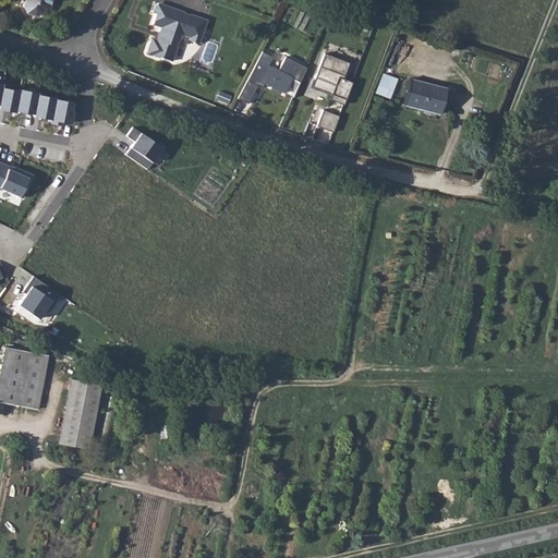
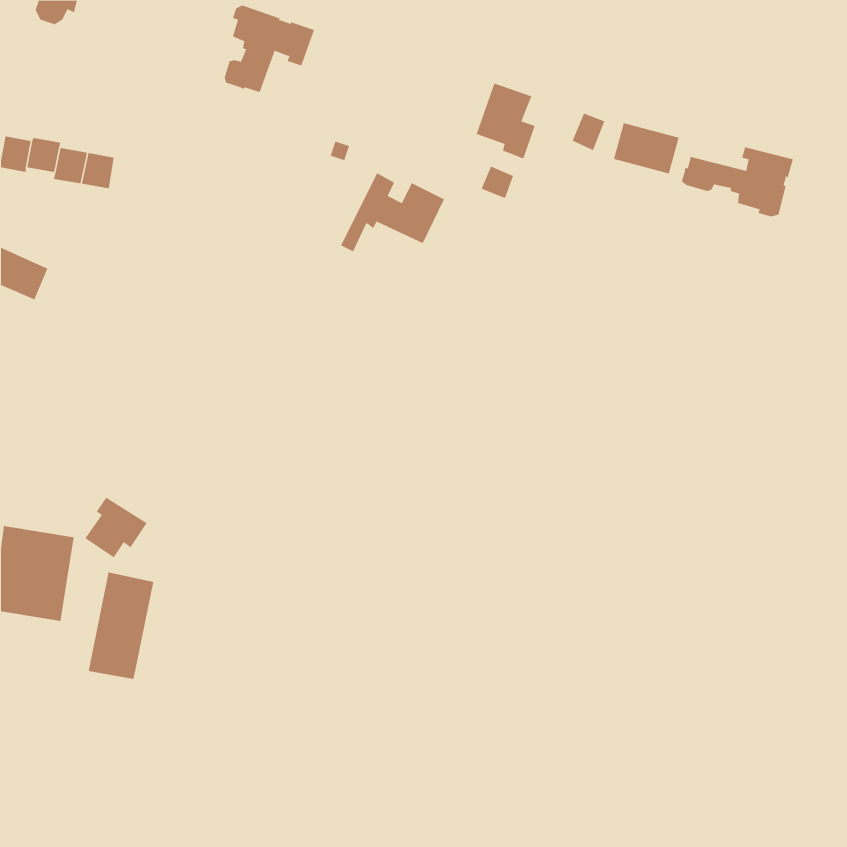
building: [239,50,307,102] -> [340,173,445,252]
building: none -> [681,147,794,217]
building: [125,128,155,169] -> none
building: [19,276,60,316] -> [84,497,147,558]

